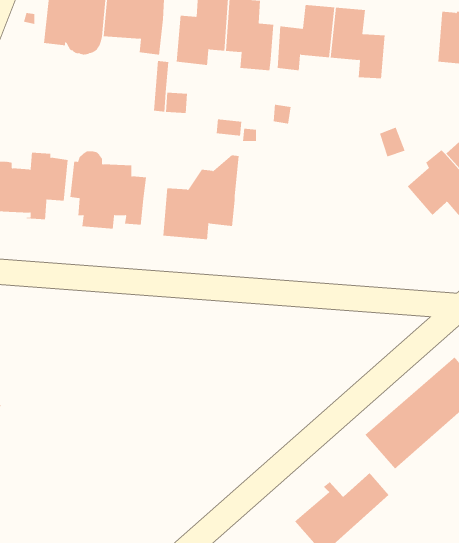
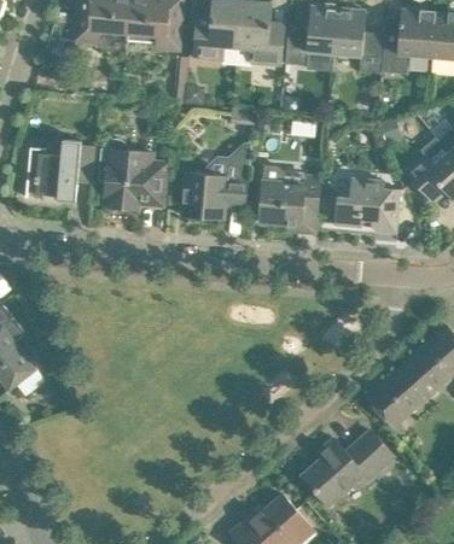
building: none -> [382,10,436,76]
building: none -> [260,164,321,226]
building: none -> [336,179,400,234]

